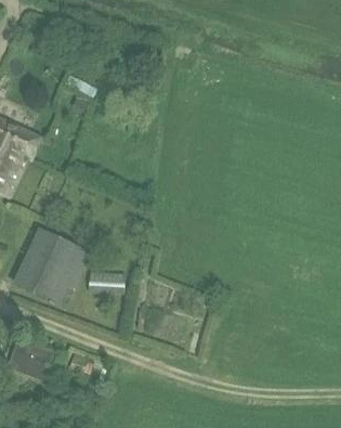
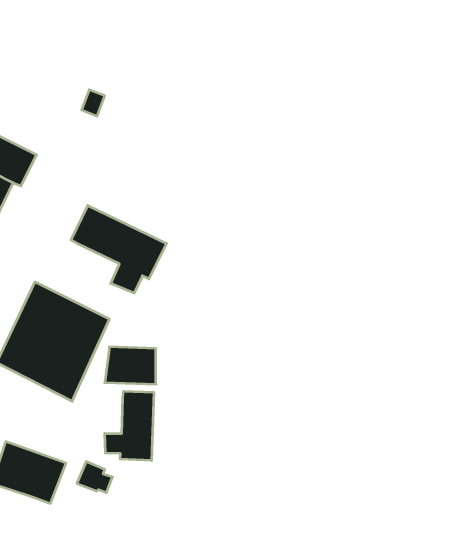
building: none -> [71,205,167,293]
building: none -> [105,391,154,461]

